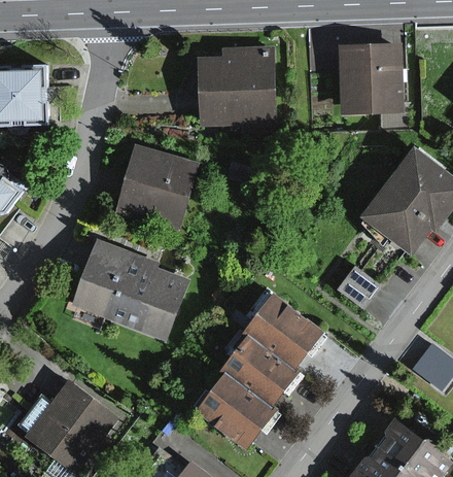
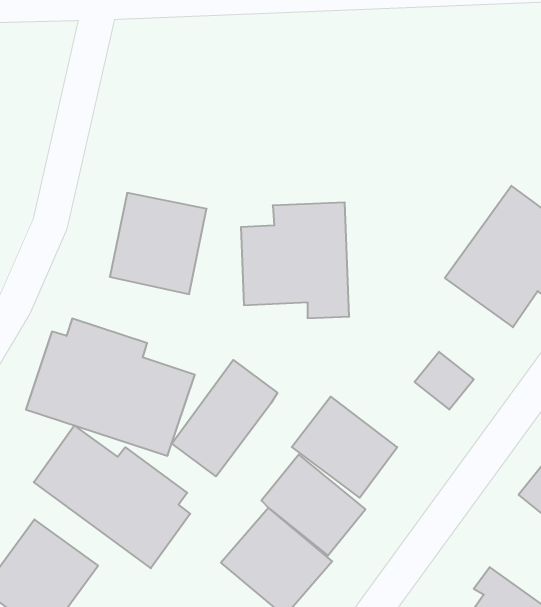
building: [339,44,400,113] -> none
building: [199,47,276,130] -> [241,203,349,318]
building: none -> [172,360,277,476]
building: none -> [34,425,190,568]

